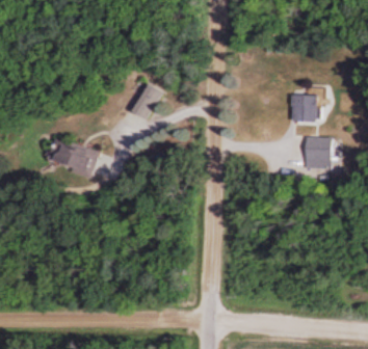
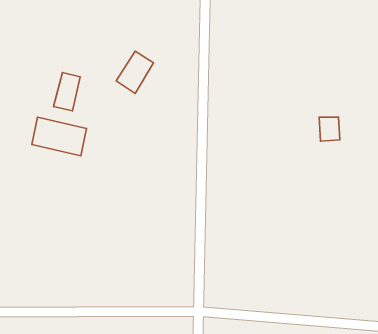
building: [290,95,317,122] -> none
building: none -> [53,73,80,111]

